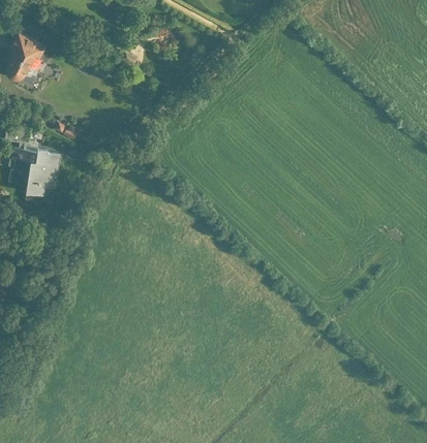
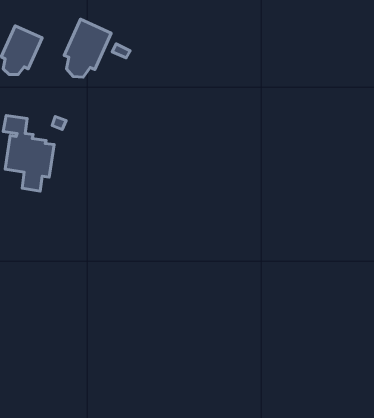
building: none -> [64,19,111,77]

